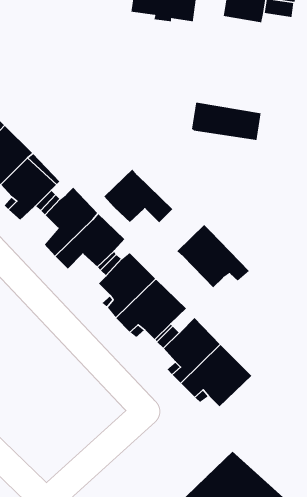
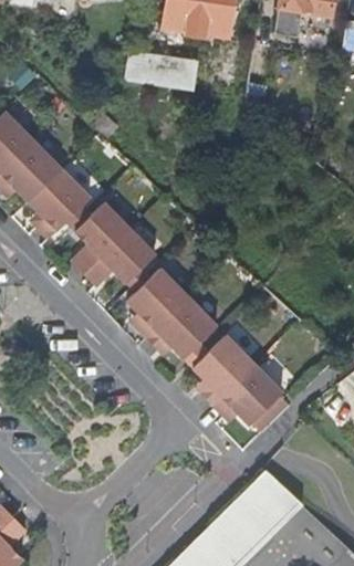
building: [191,102,262,141] -> [124,50,196,90]
building: [104,168,173,223] -> none
building: [176,224,250,288] -> none

